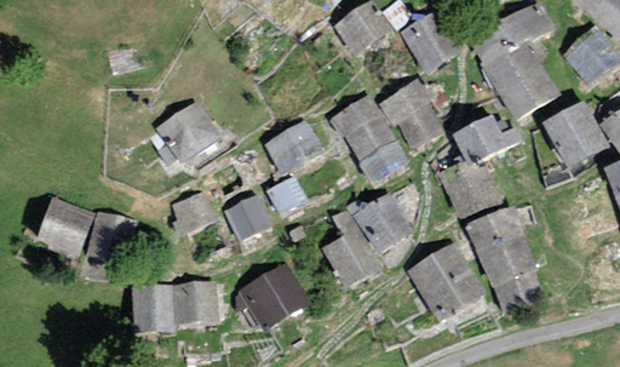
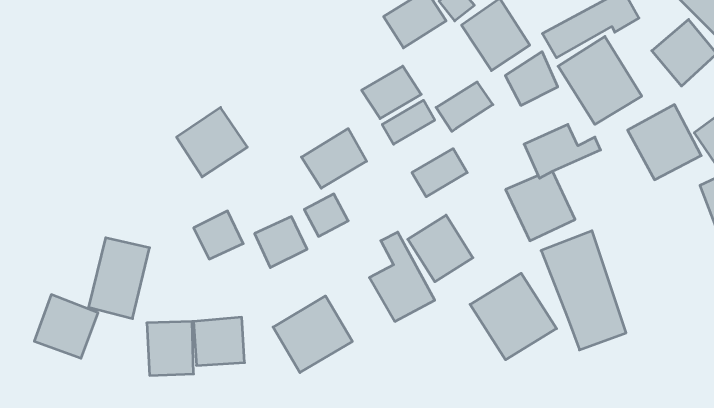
building: [396,99,441,145] -> [505,52,558,105]
building: [343,113,394,157] -> [362,66,421,119]
building: [36,197,91,252] -> [34,295,98,358]

